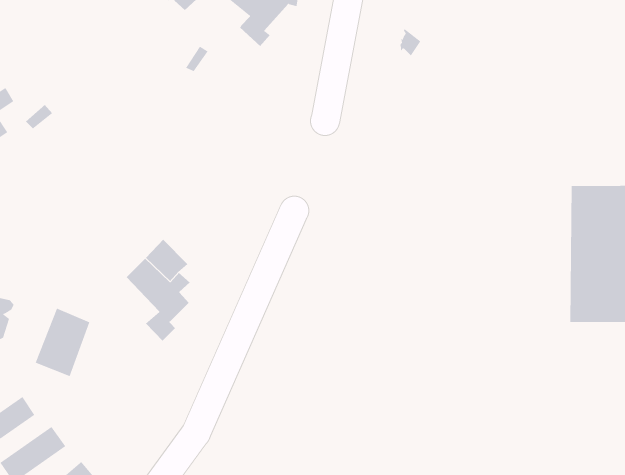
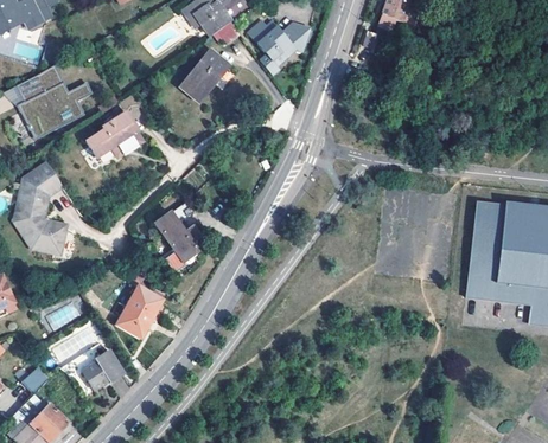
building: none -> [180,52,227,101]
building: none -> [93,114,148,163]
building: [35,308,90,377] -> [120,288,163,338]

